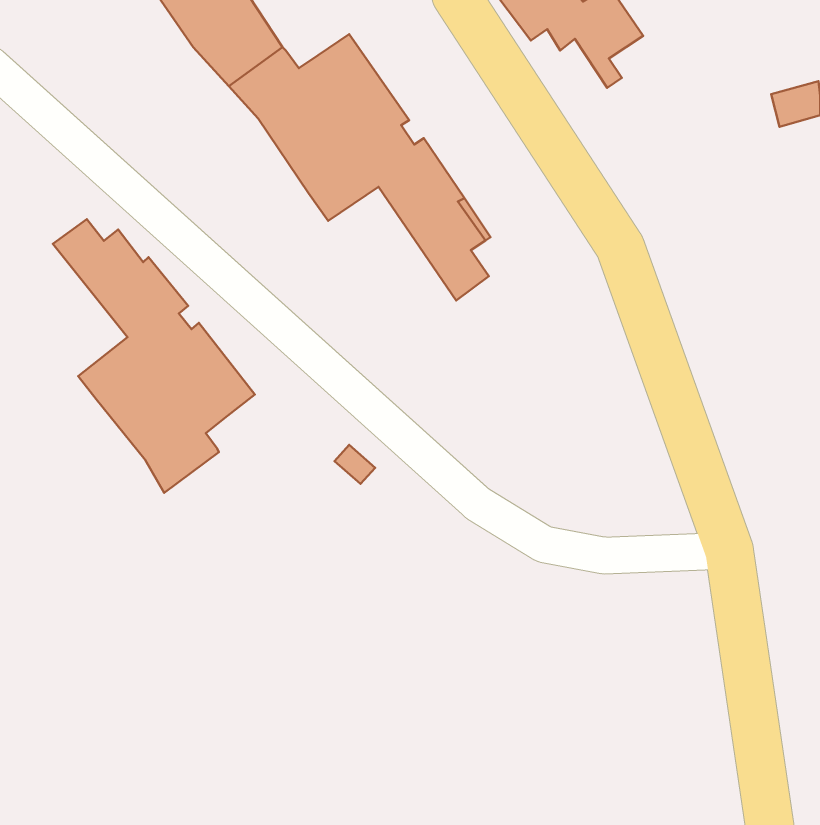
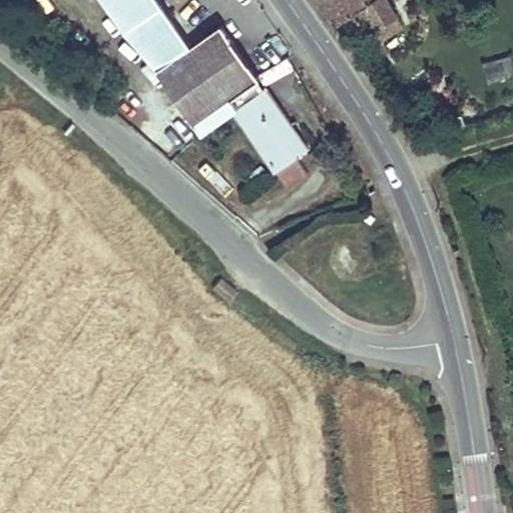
building: [53,219,255,493] -> none

